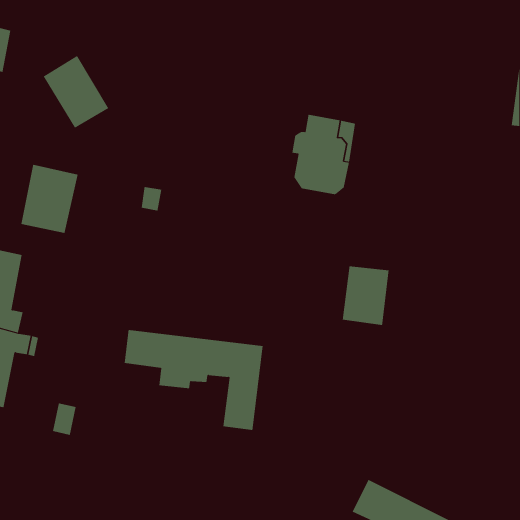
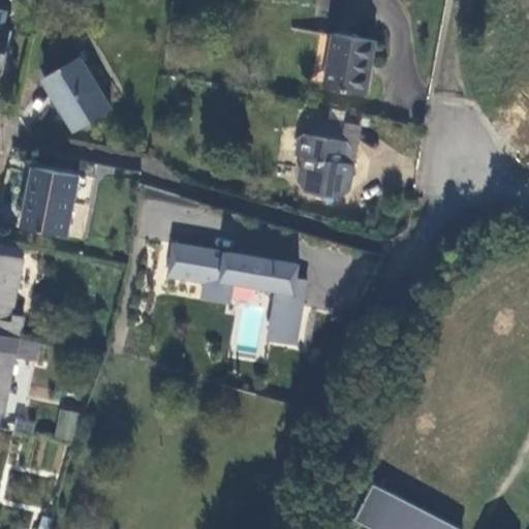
building: none -> [323,34,375,95]
building: [342,265,389,326] -> none
building: [124,330,263,430] -> [164,245,306,347]

